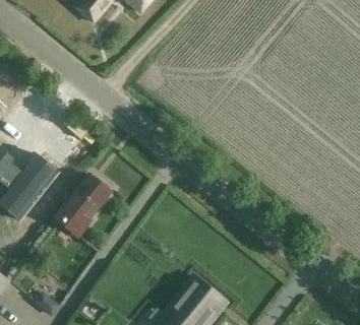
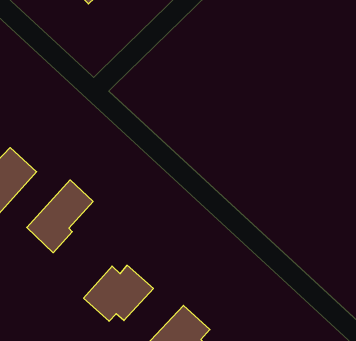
building: none -> [84,265,153,321]

